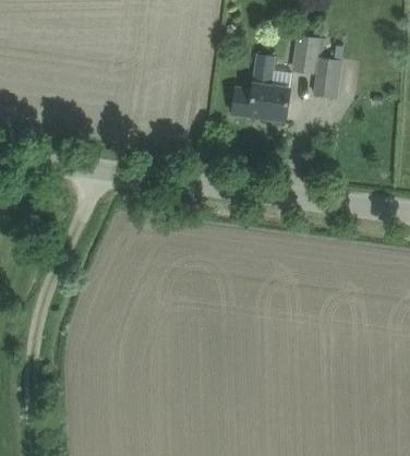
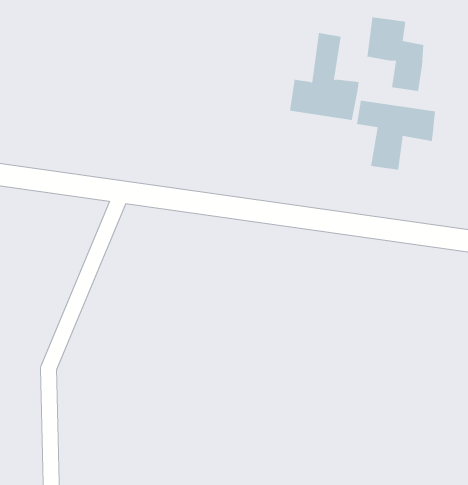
building: none -> [356,100,435,170]

